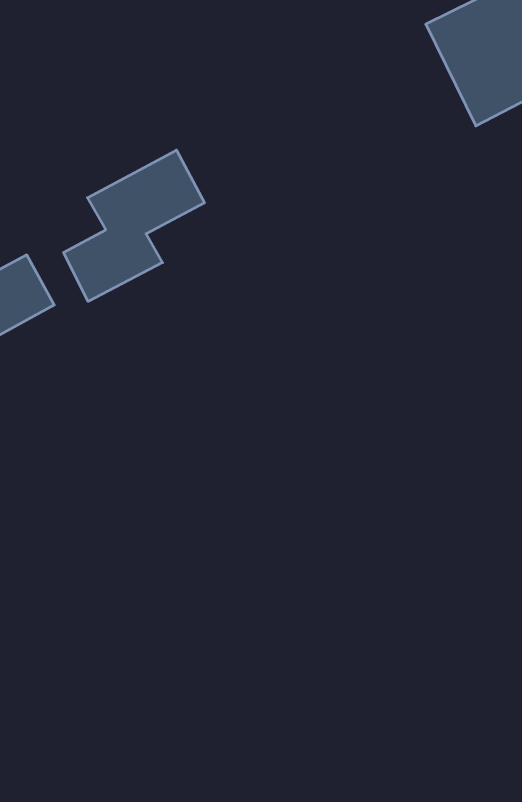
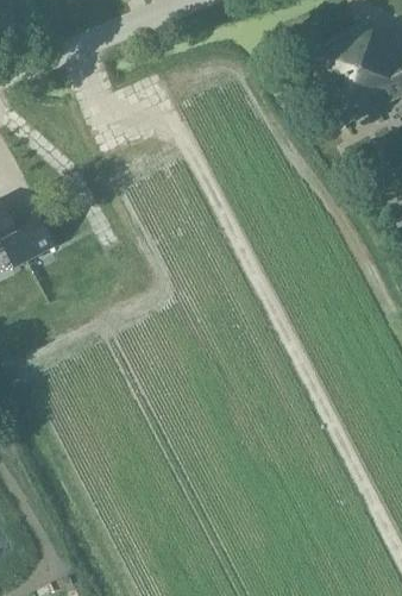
building: [64,150,204,301] -> none

